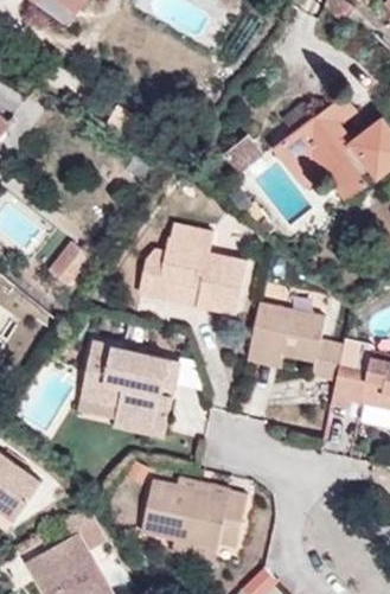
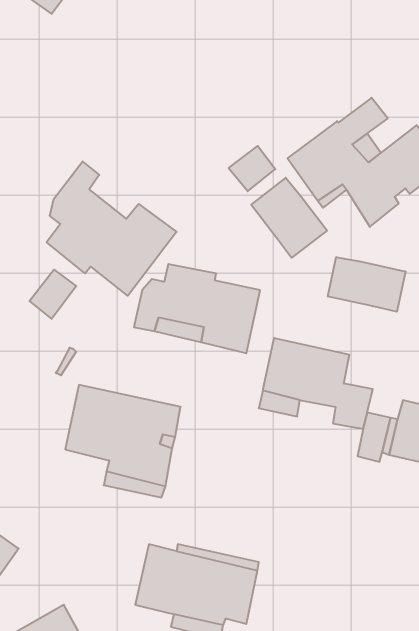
building: none -> [47,161,177,296]
building: none -> [251,178,327,258]
building: none -> [328,257,406,312]

